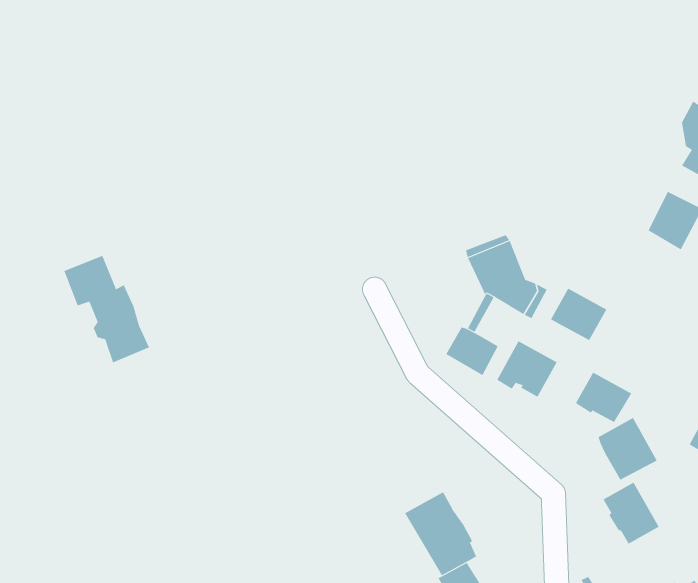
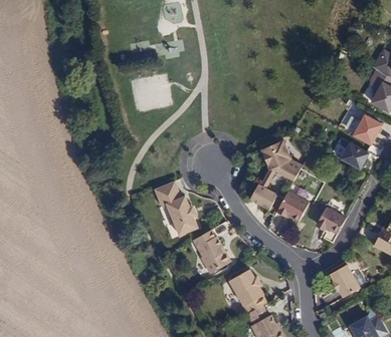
building: [63,255,150,363] -> [154,180,198,235]
building: [550,288,607,341] -> [340,142,369,170]
building: none -> [192,229,230,271]
building: [598,417,658,480] -> none

